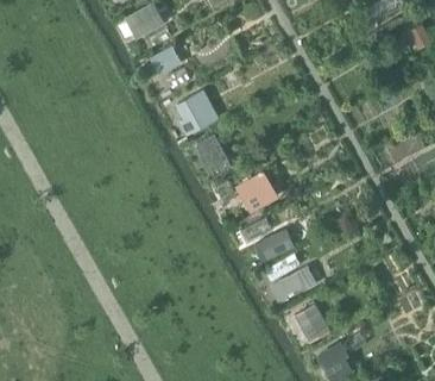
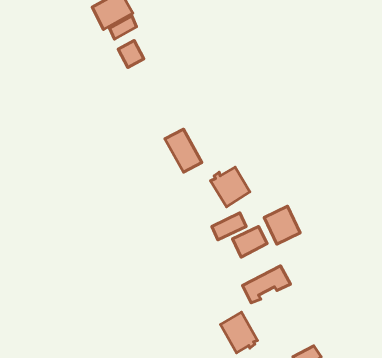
building: [176,94,209,135] -> none
building: none -> [264,206,300,244]
building: [294,302,329,342] -> [220,312,257,353]

